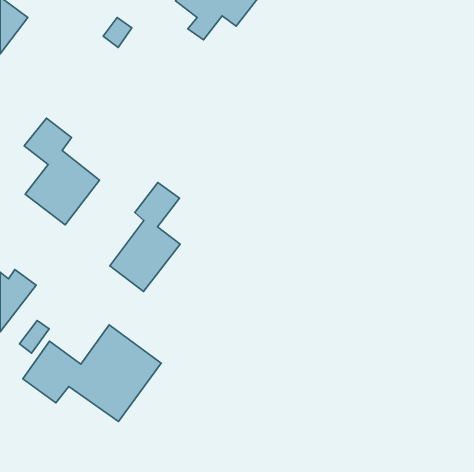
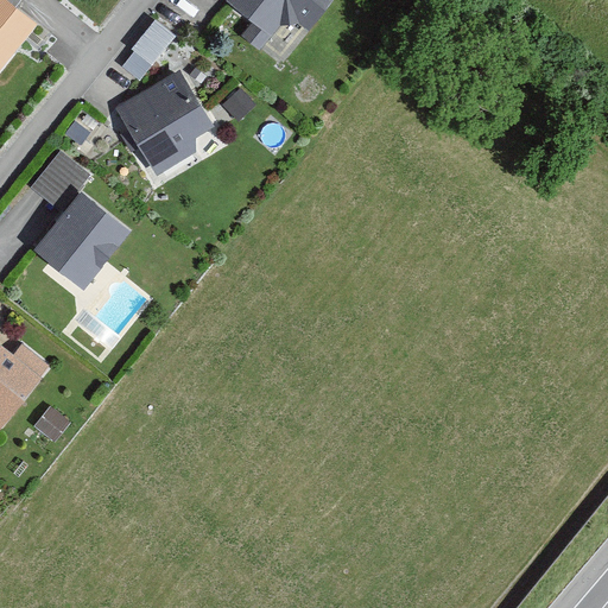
building: none -> [116,71,210,173]
building: [110,182,180,292] -> none
building: [23,325,161,422] -> none

